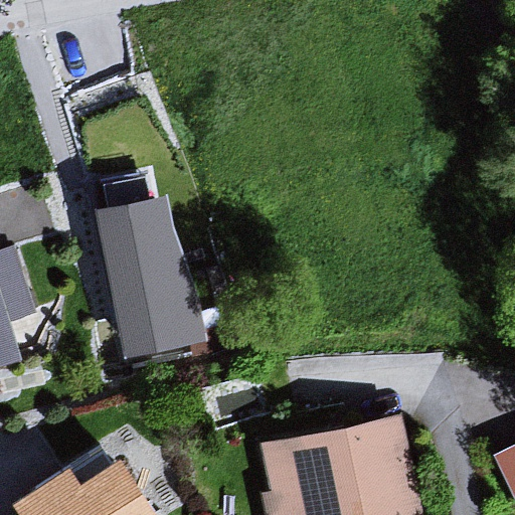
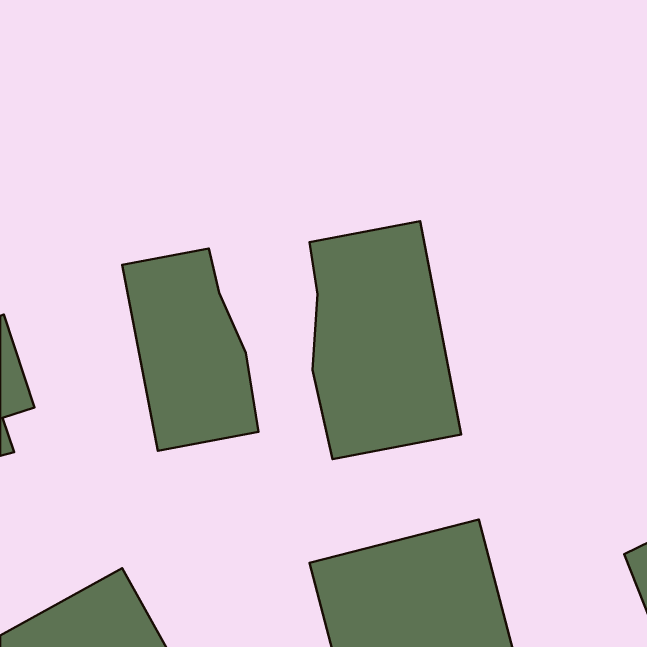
building: none -> [310,221,461,459]

